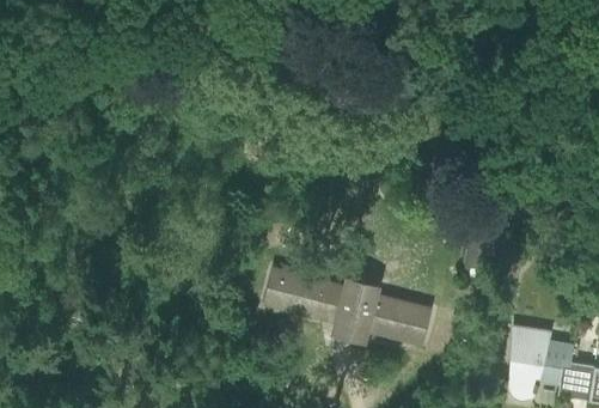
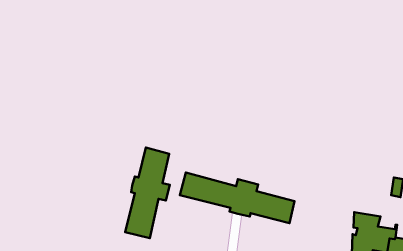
building: none -> [125,147,170,238]

